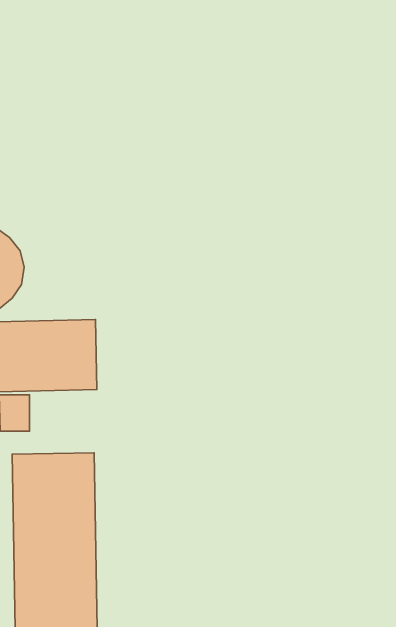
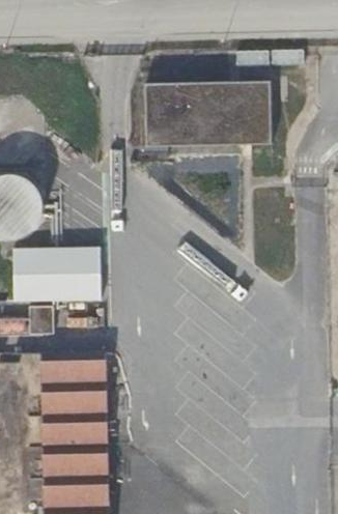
building: none -> [143,81,271,146]

